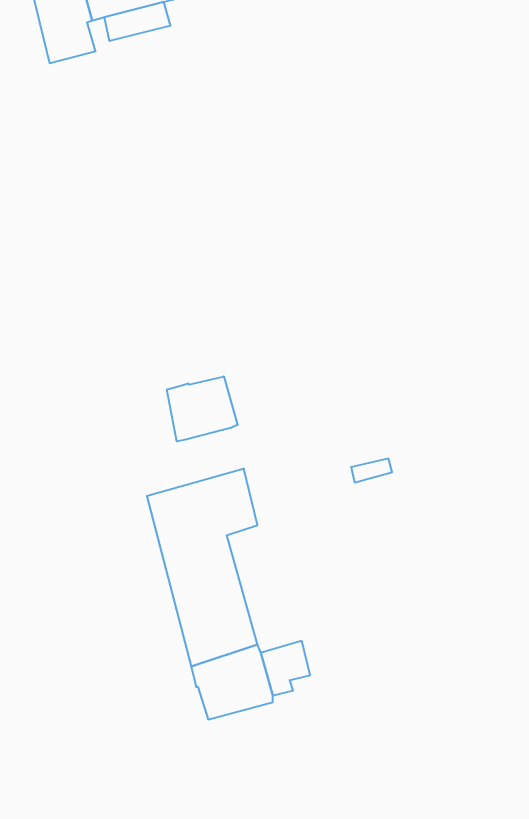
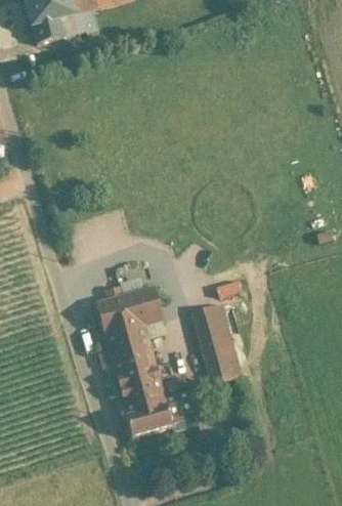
building: [167,376,238,441] -> none
building: none -> [190,301,241,381]

